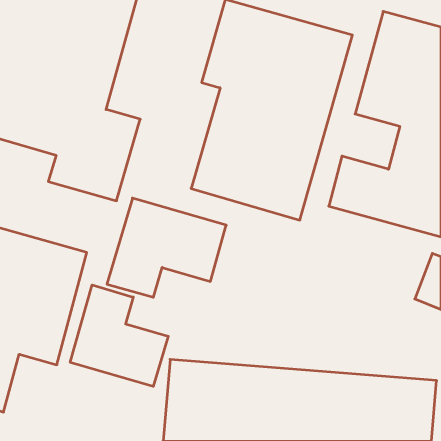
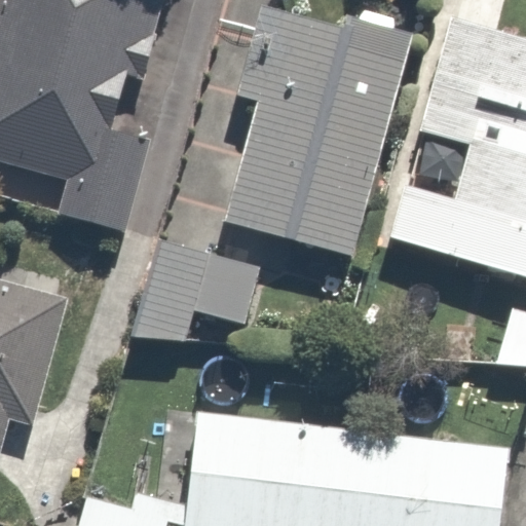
building: [70,285,168,386] -> none

